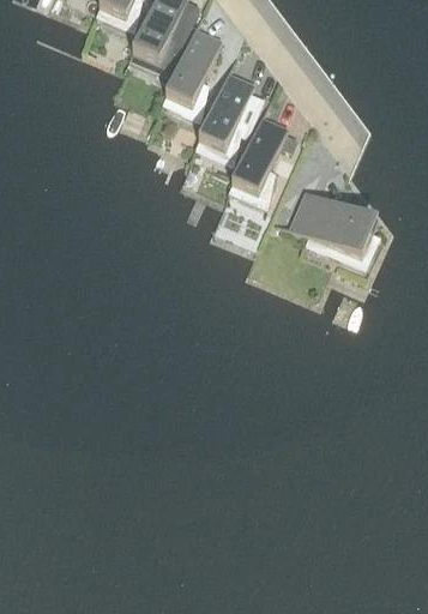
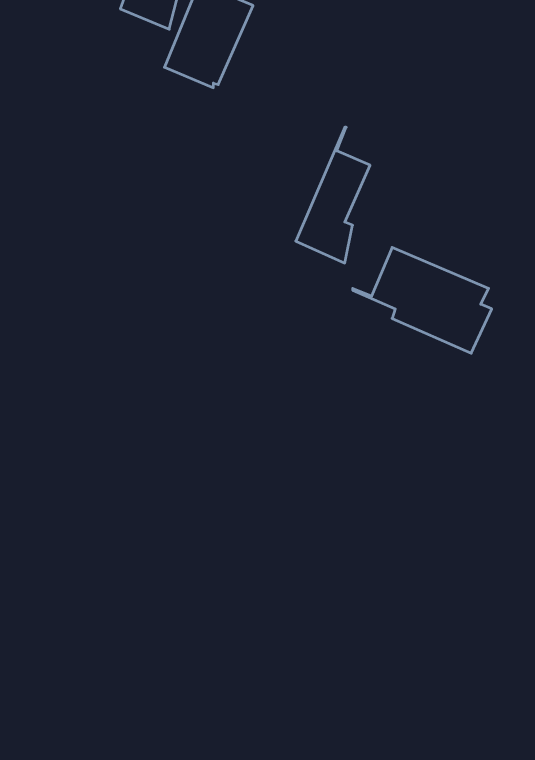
building: [163,8,219,112] -> none
building: [197,53,263,156] -> none

